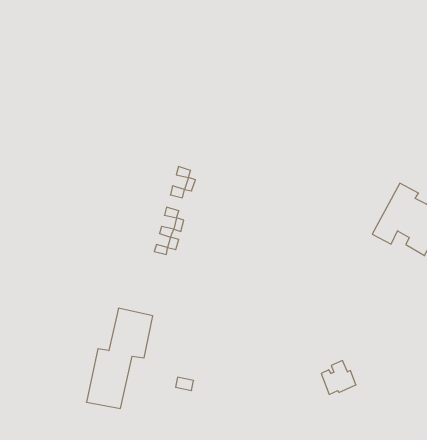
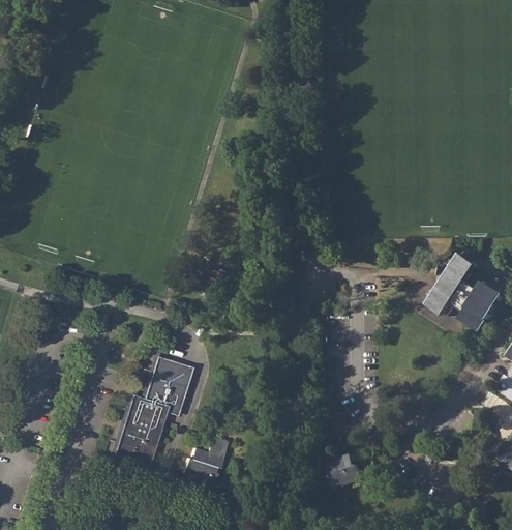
building: [321,361,356,394] -> [328,453,363,488]
building: none -> [181,447,221,484]

